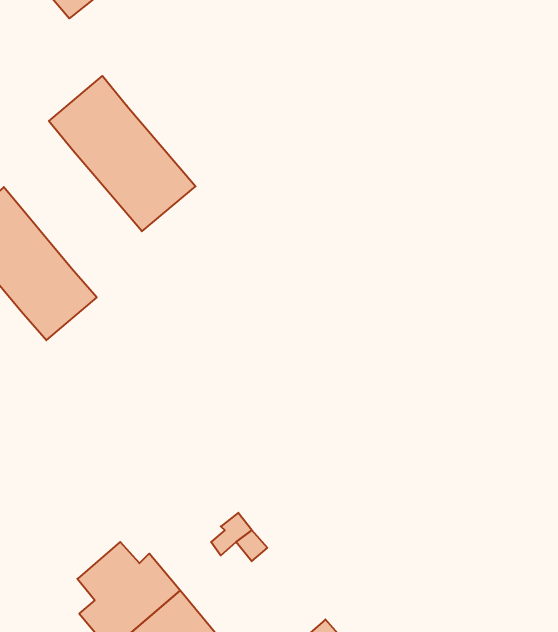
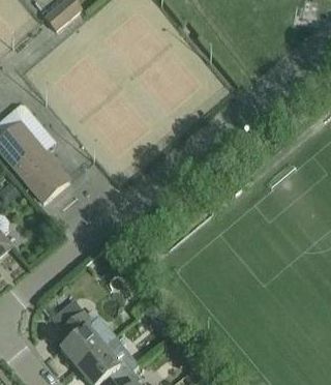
building: [49,76,196,231] -> none

